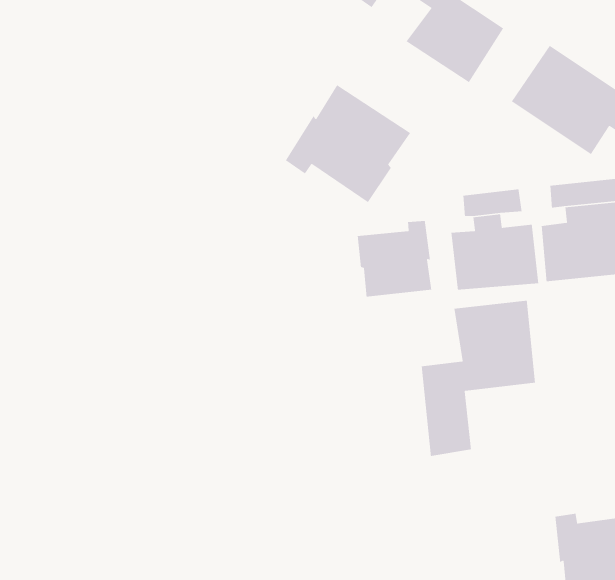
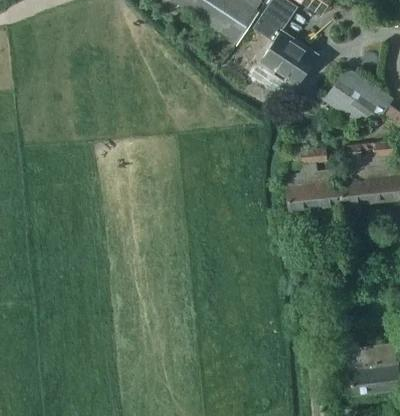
building: [285,84,411,203] -> none
building: [357,220,432,298] -> none
building: [421,300,536,457] -> none

